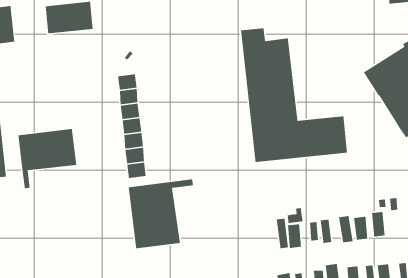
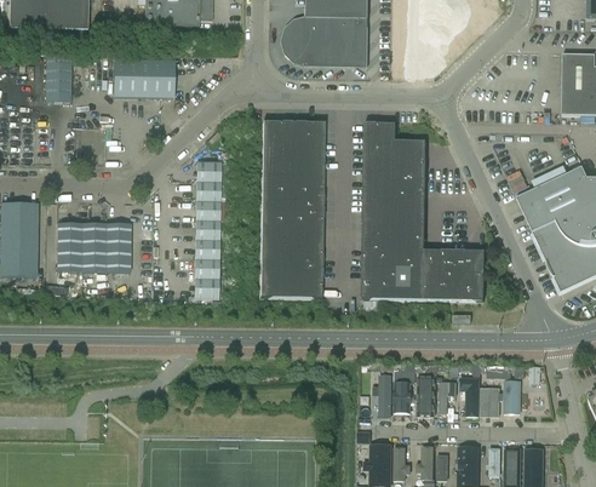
building: none -> [259,120,323,297]
building: [128,179,194,249] -> none

